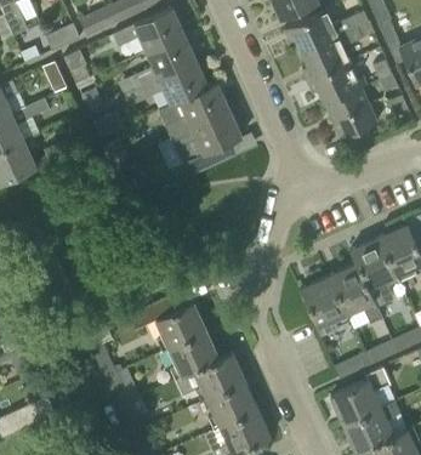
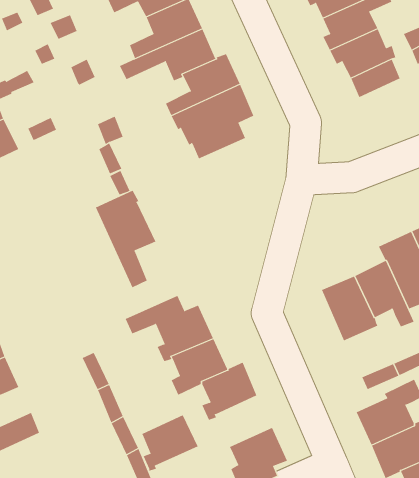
building: [332,104,377,138] -> none
building: none -> [95,190,156,288]
building: [207,381,257,431] -> [142,414,199,471]

